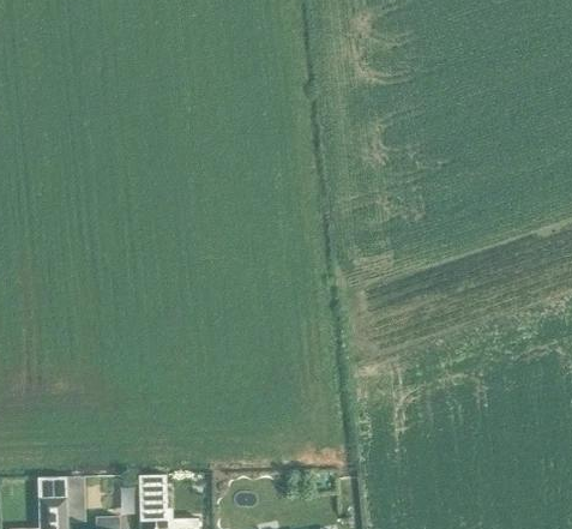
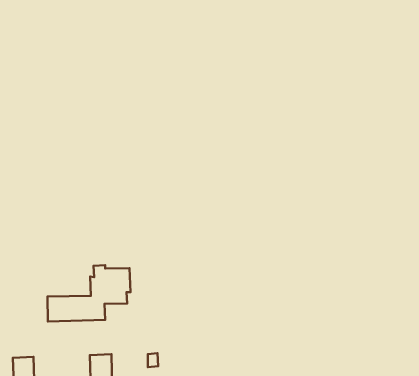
building: none -> [47,265,131,321]

